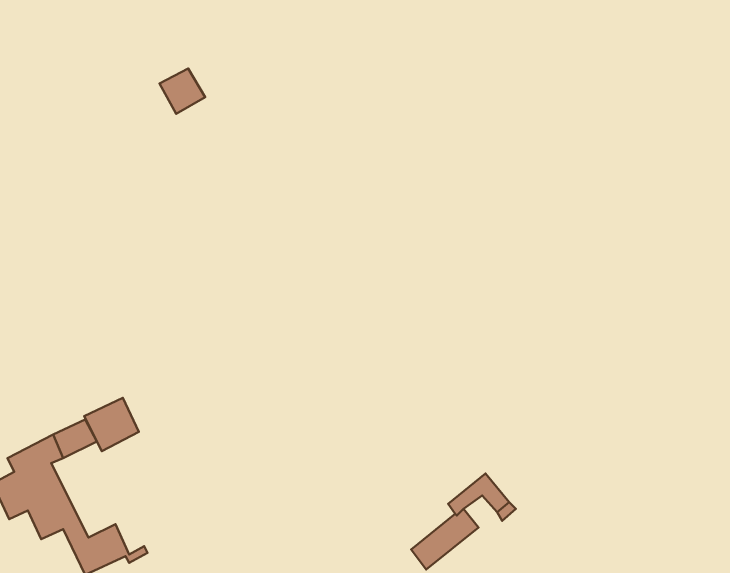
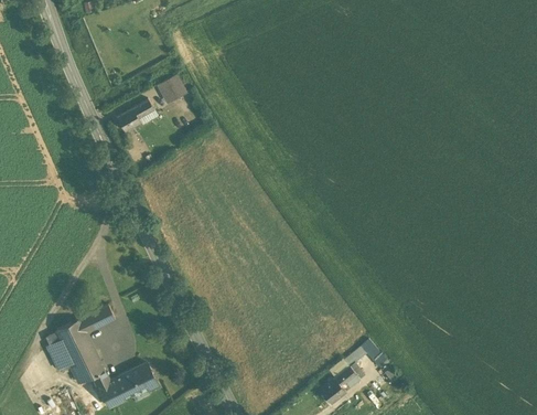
building: none -> [116,98,155,130]
building: [84,398,139,451] -> none
building: none -> [127,362,158,392]

